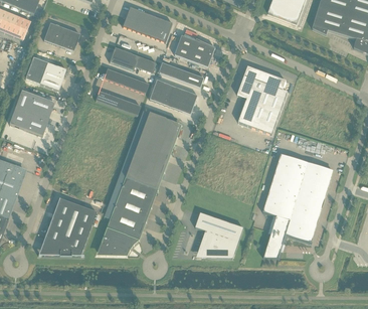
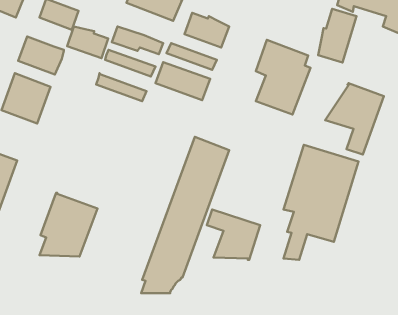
building: none -> [318,9,357,63]
building: none -> [67,27,108,58]
building: none -> [325,83,384,154]
building: [100,111,179,252] -> [141,137,229,293]

